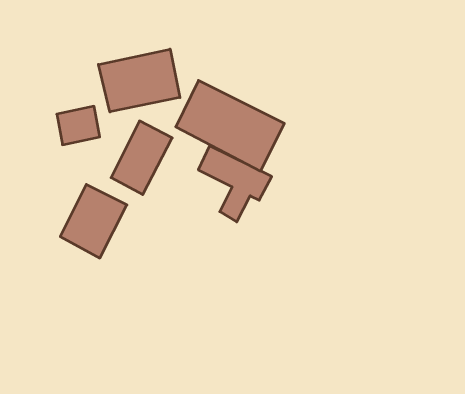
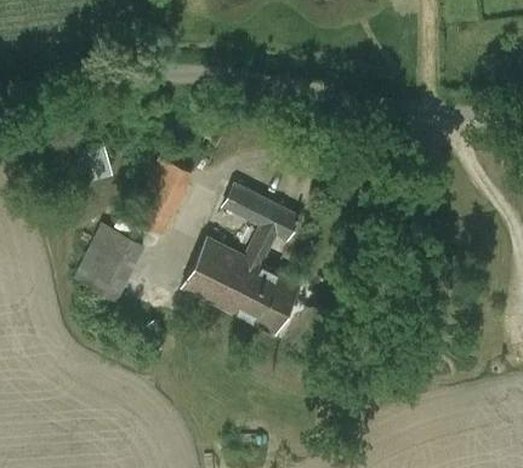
building: [98,49,180,112] -> none
building: [176,80,284,171] -> [183,238,300,335]

